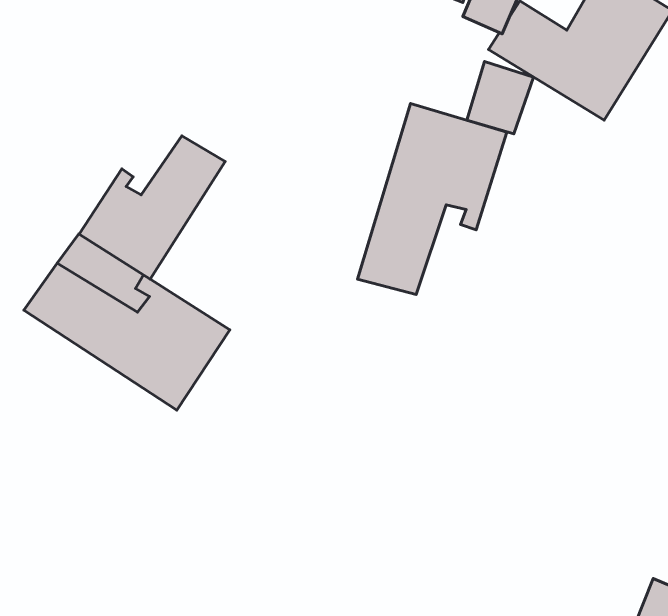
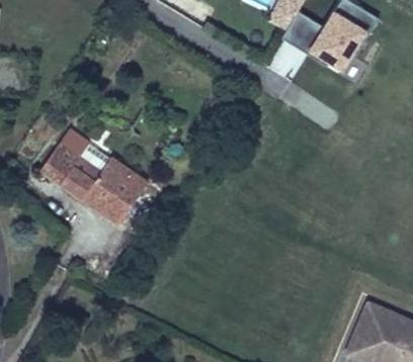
building: [358,103,507,294] -> none
building: [79,136,225,279] -> none

